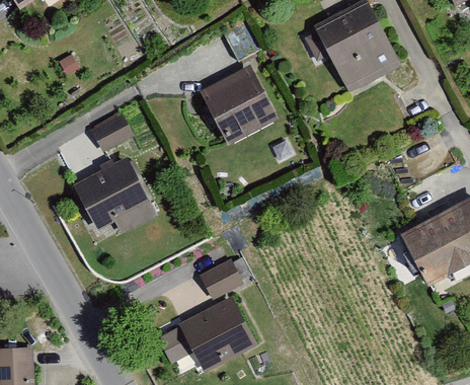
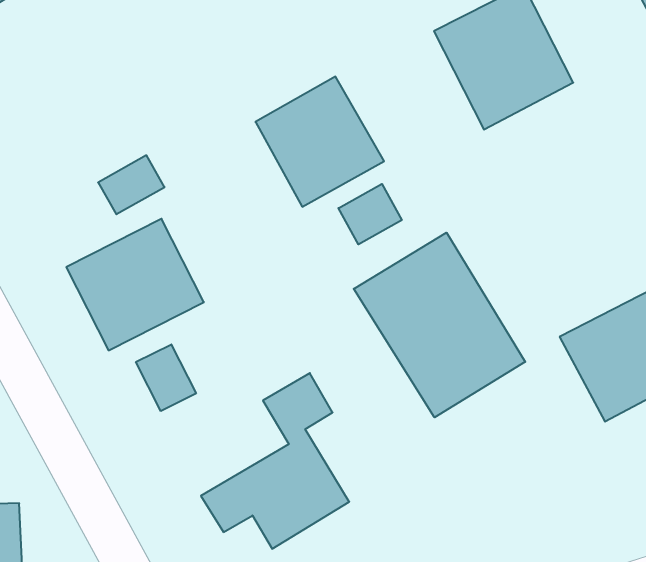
building: none -> [338,184,402,244]
building: none -> [354,233,525,417]
building: none -> [136,344,196,411]

